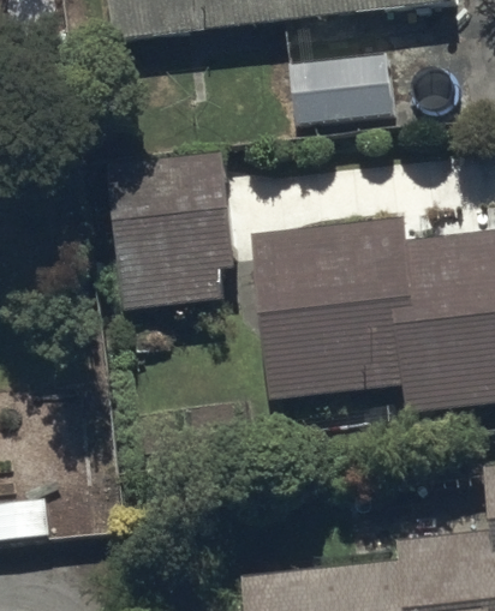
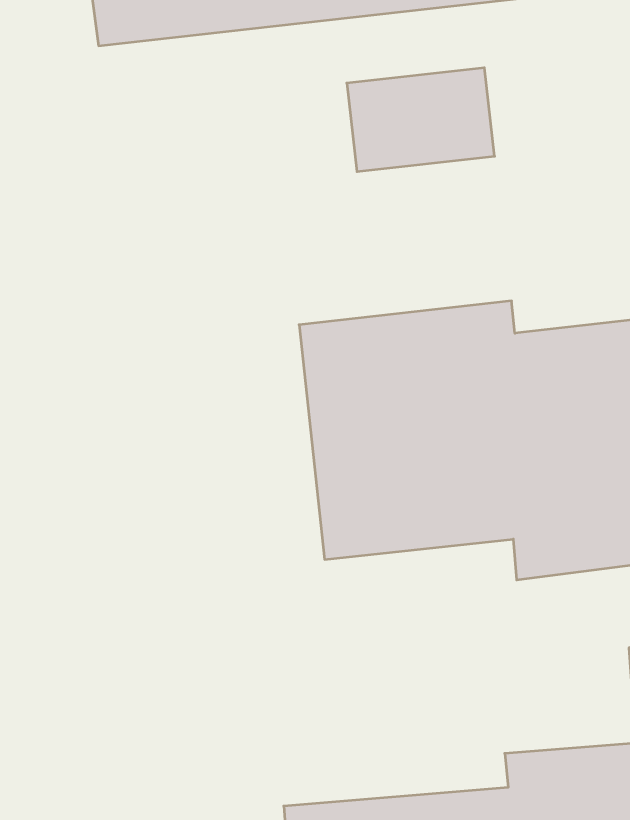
building: [114,152,233,311] -> none

